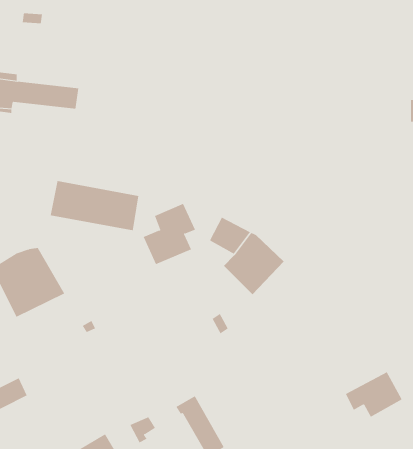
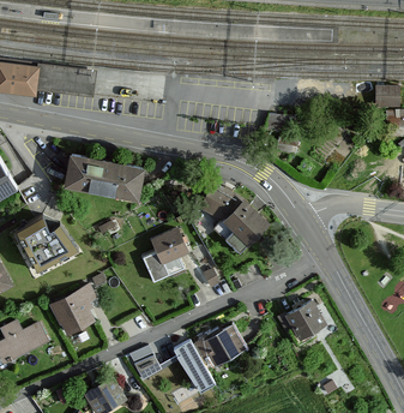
building: [143,203,196,265] -> [143,231,188,283]
building: none -> [53,286,96,333]
building: [345,371,403,418] -> [278,298,327,337]
building: none -> [197,324,245,364]

